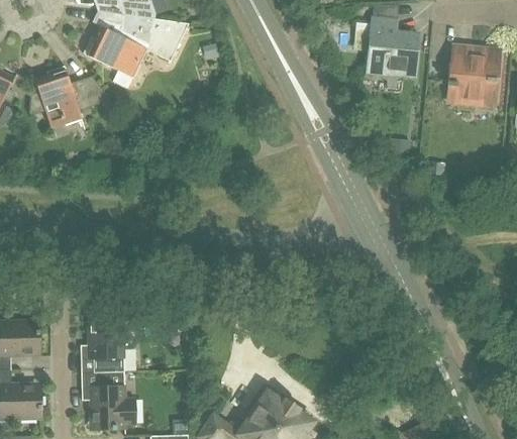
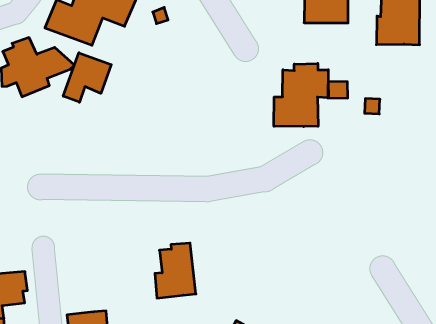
building: none -> [63,53,111,102]
building: none -> [274,63,328,127]
building: [81,314,124,371] -> [155,243,196,298]

